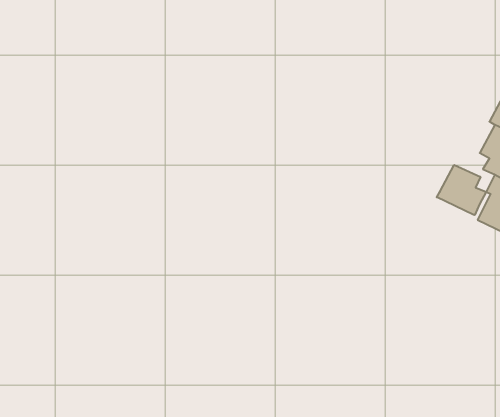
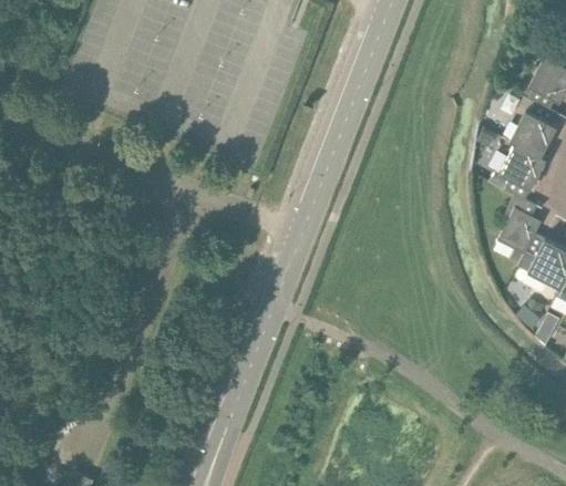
building: [437,165,486,215] -> none

